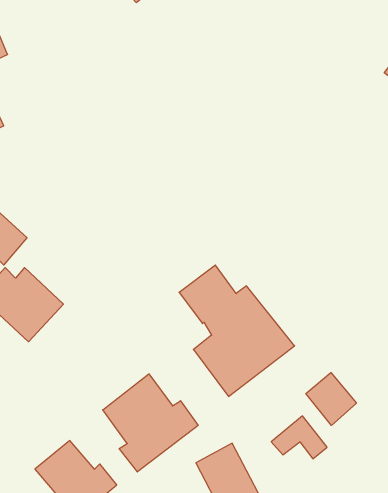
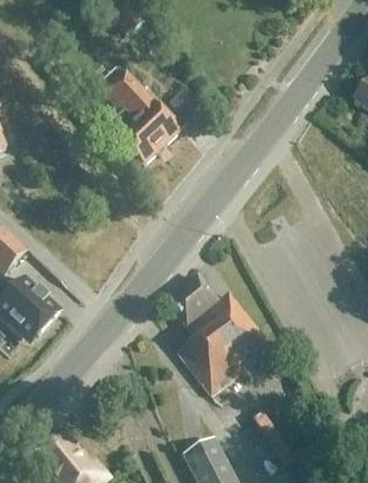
building: none -> [103,70,180,163]
building: [306,373,356,425] -> none
building: [103,374,198,472] -> none

